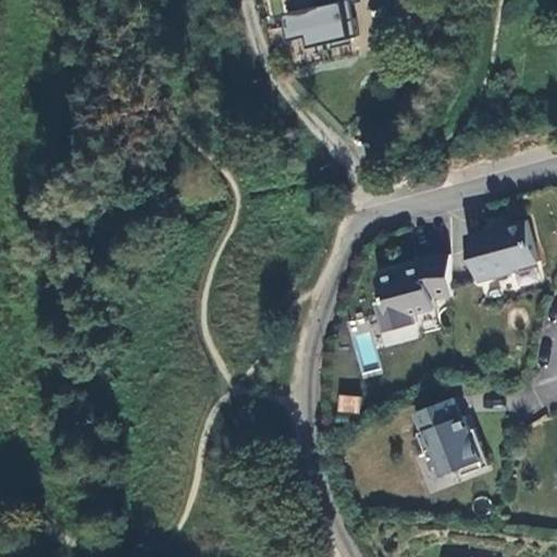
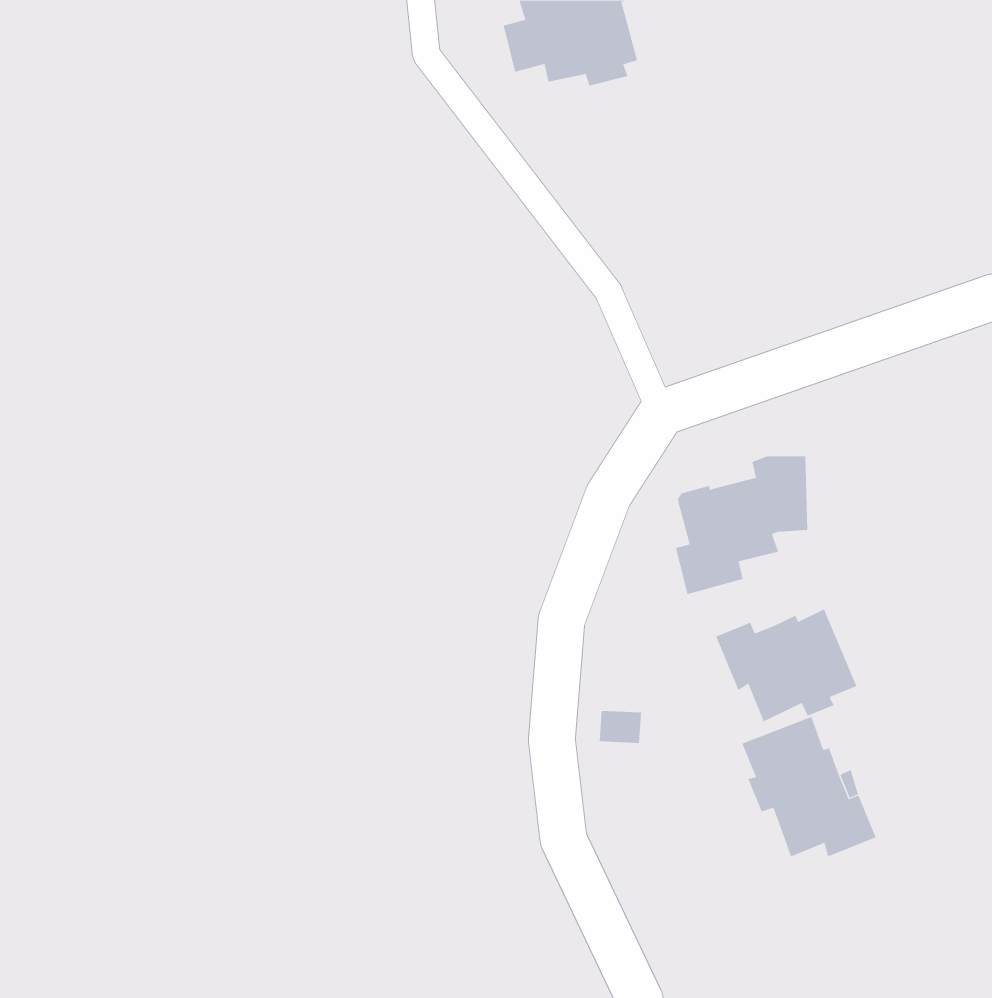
building: [465,221,536,281] -> none
building: none -> [716,609,857,722]

